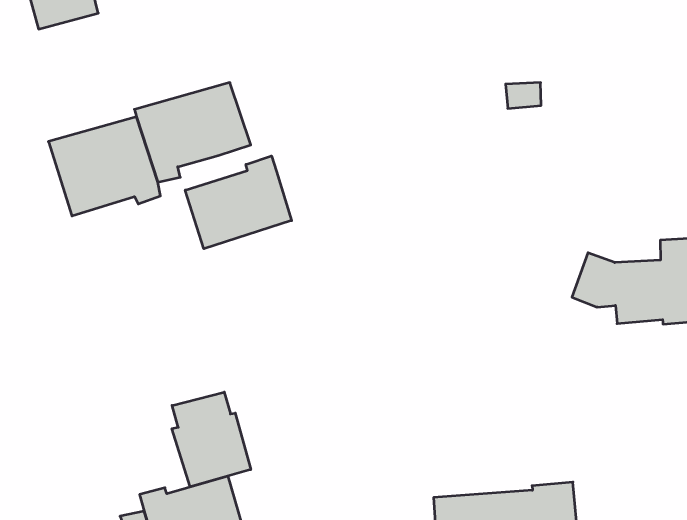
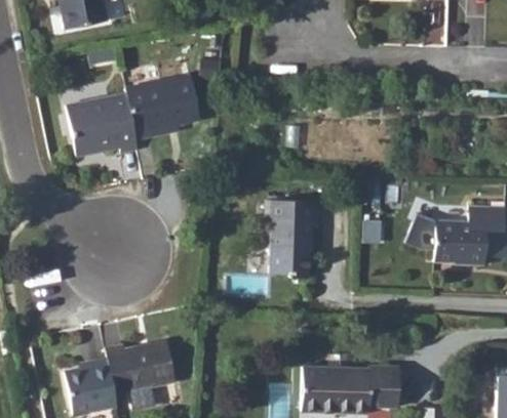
building: [185,156,292,249] -> none
building: none -> [266,198,318,277]
building: [172,392,251,487] -> none

